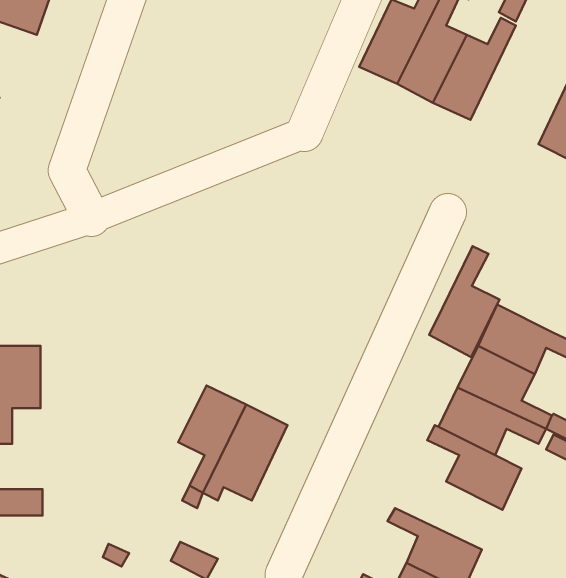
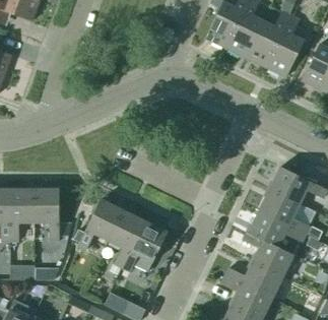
building: none -> [265,15,303,76]
building: [429,246,499,357] -> none
building: none -> [34,188,59,241]
building: none -> [77,198,123,250]
building: none -> [224,261,282,298]

